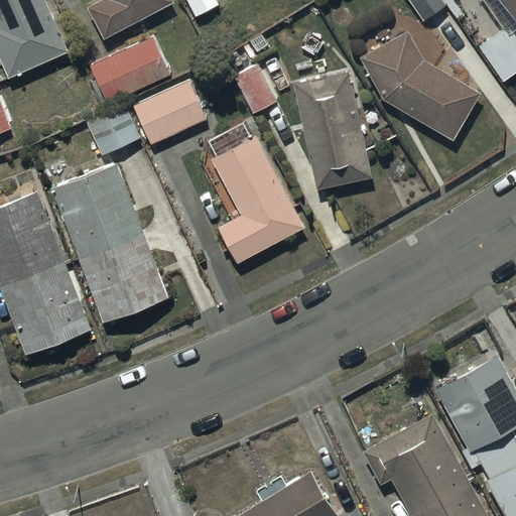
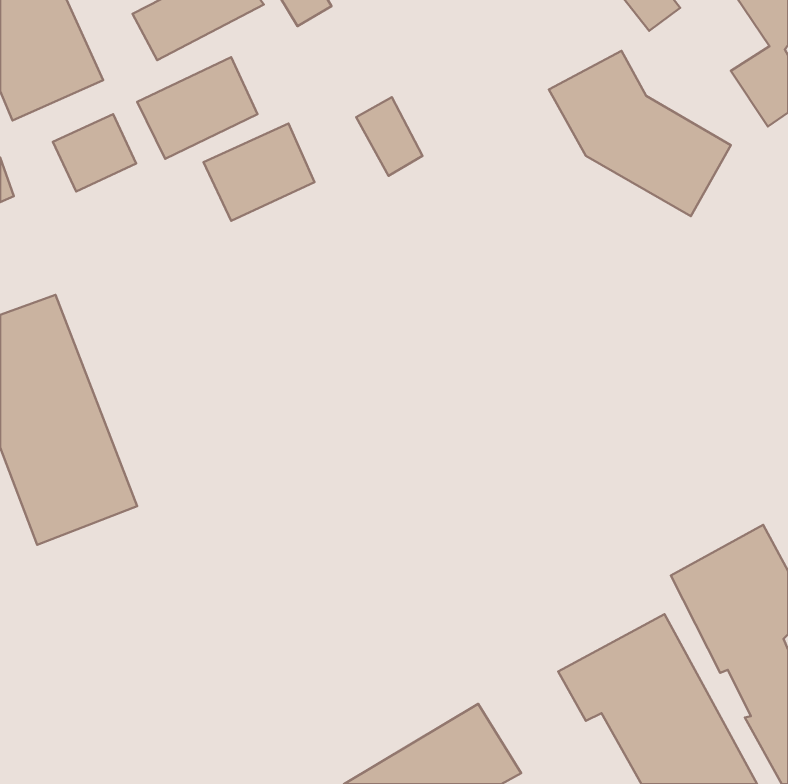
building: [292,74,370,190] -> none
building: [86,104,140,154] -> [53,114,136,191]
building: [211,137,303,265] -> none
building: [50,165,166,325] -> none

